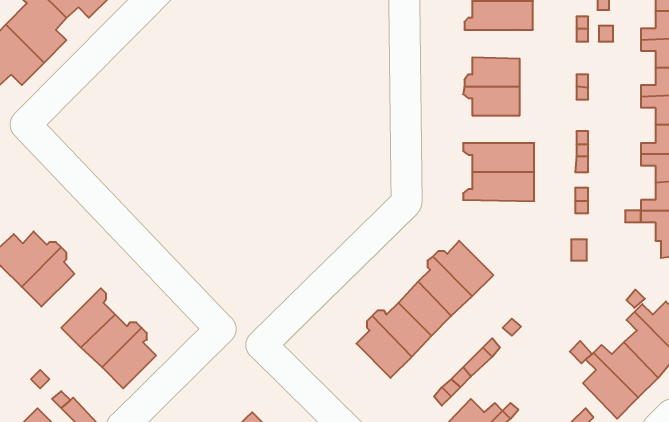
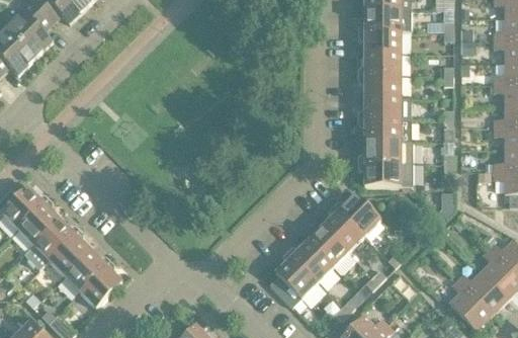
building: none -> [358,31,401,54]
building: none -> [357,97,411,118]
building: none -> [357,162,412,185]
building: none -> [24,219,79,269]

